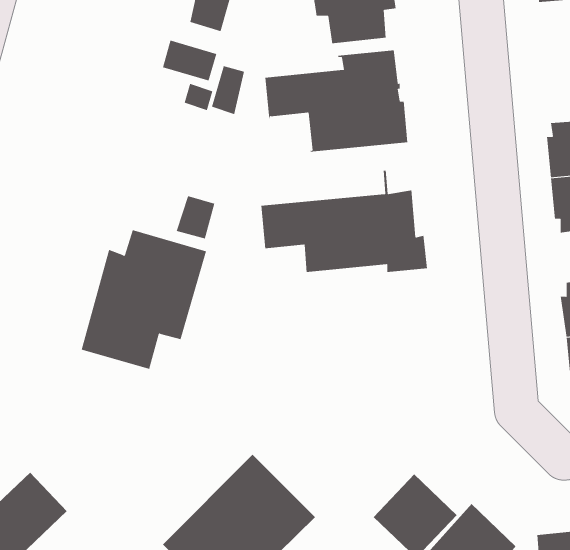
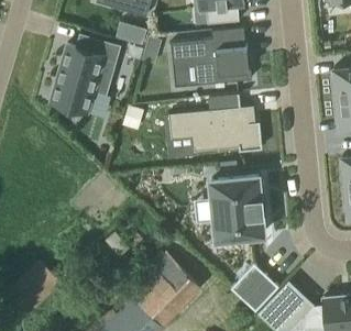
building: [81,230,207,370] -> [52,35,122,113]
building: none -> [212,177,265,241]

